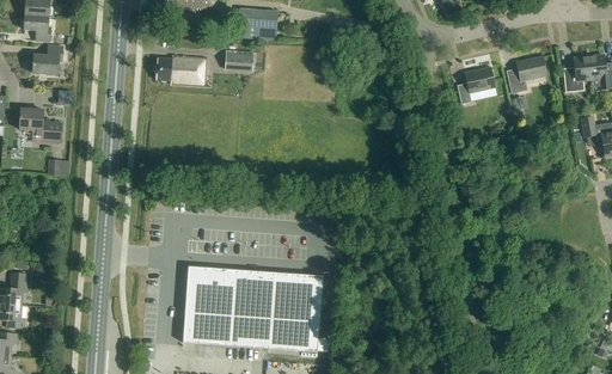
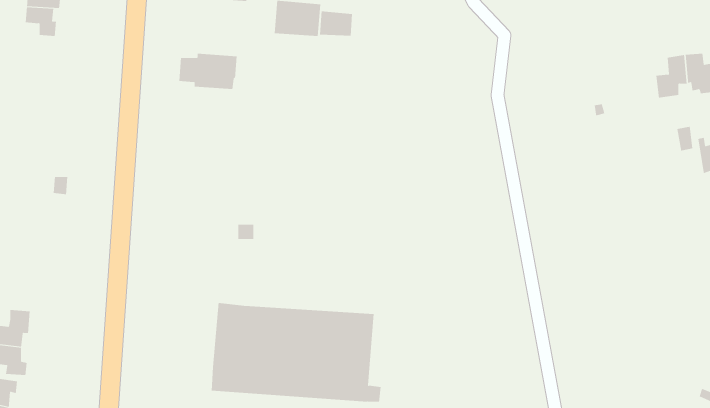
building: [32,45,62,74] -> none
building: [225,49,253,70] -> [319,11,353,36]
building: [507,56,546,92] -> none
building: [457,67,495,104] -> none
building: [19,108,62,142] -> none

